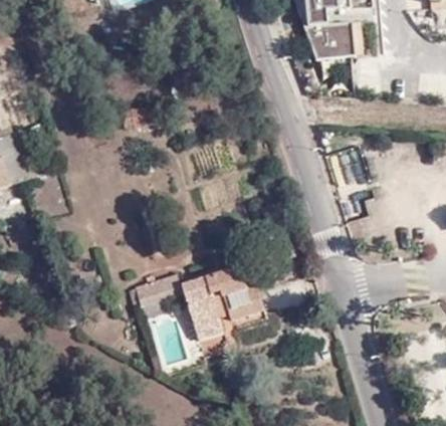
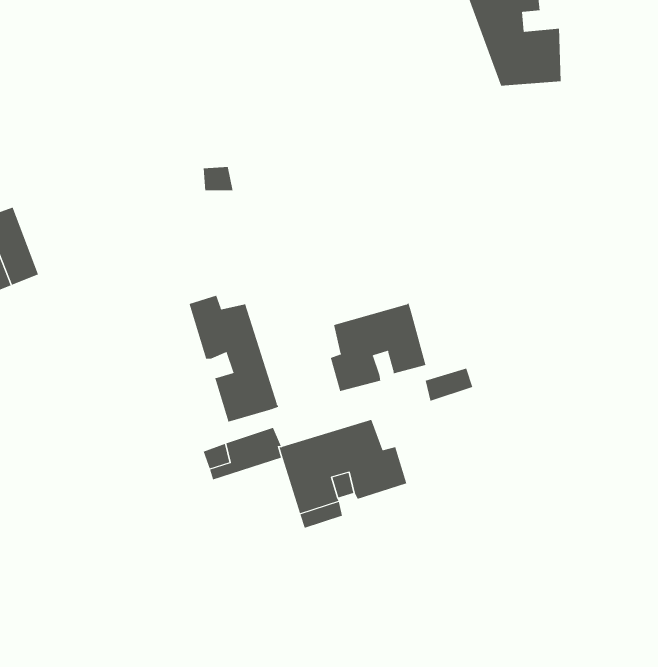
building: none -> [189,295,279,423]
building: none -> [330,302,426,392]

